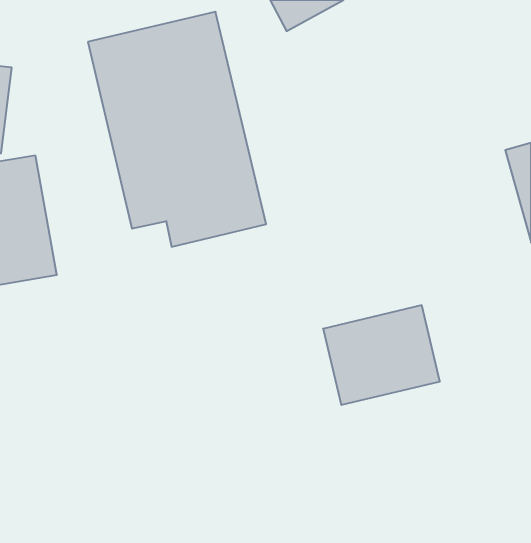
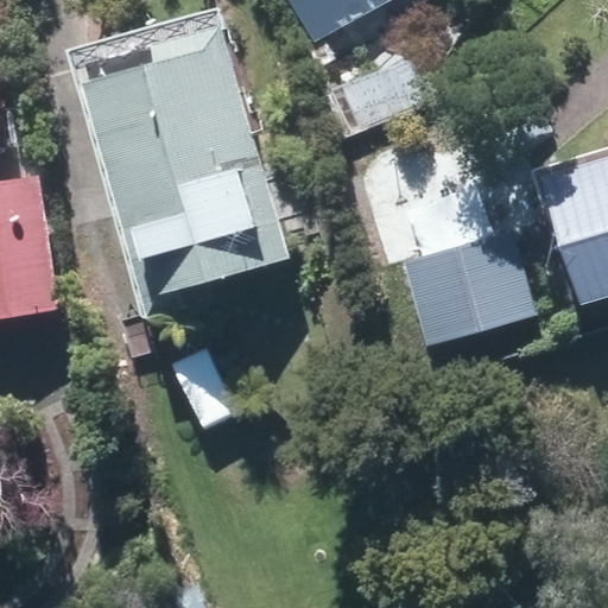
building: [323,305,440,405] -> [406,235,536,346]

